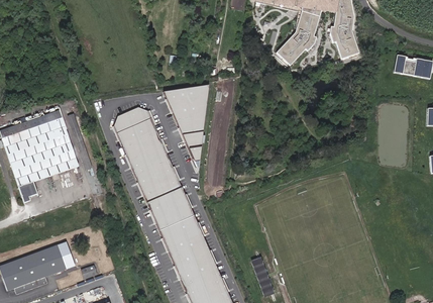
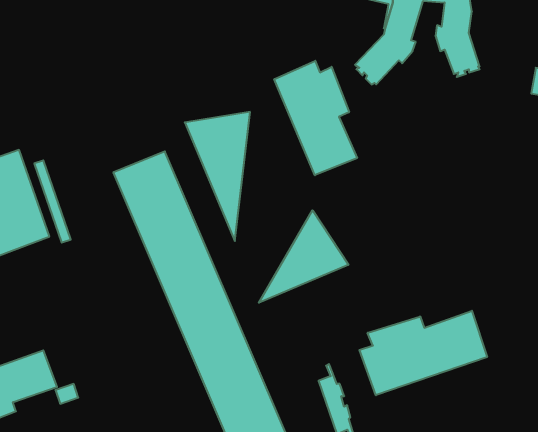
building: none -> [274,61,357,175]
building: none -> [259,210,348,303]
building: none -> [359,311,487,395]

